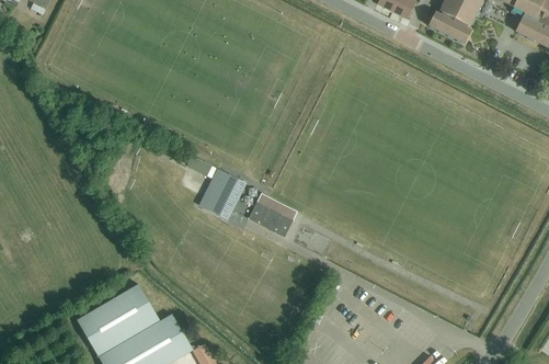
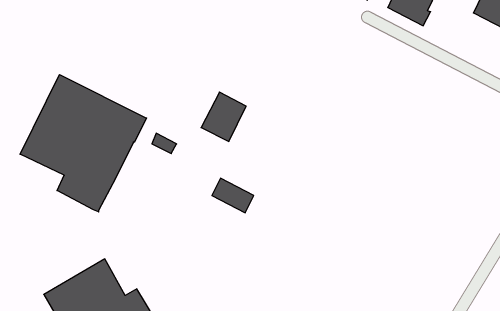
building: none -> [20,75,147,212]
building: [199,168,245,218] -> [201,92,246,141]

